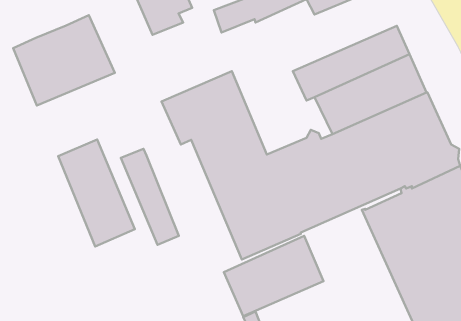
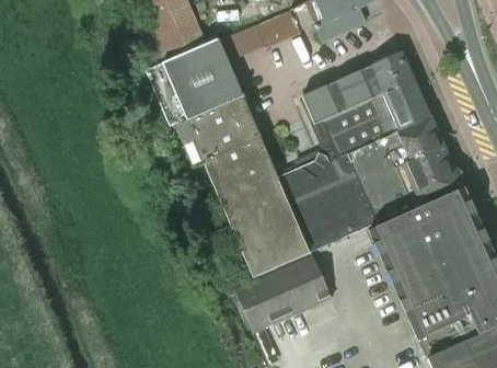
building: [13,15,115,106] -> [145,37,243,125]
building: [58,140,135,246] -> none
building: [121,149,179,245] -> none

